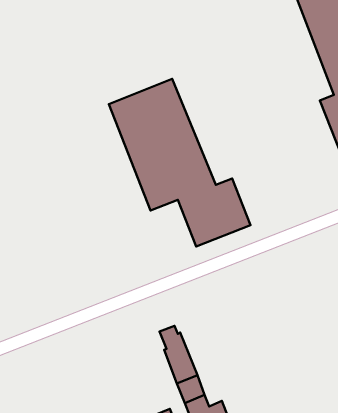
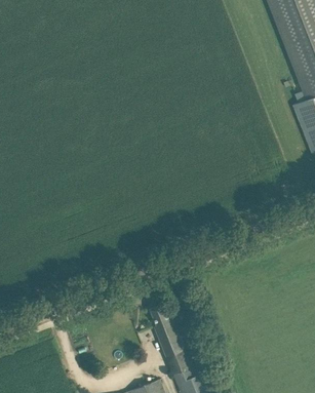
building: [109,79,251,247] -> none

